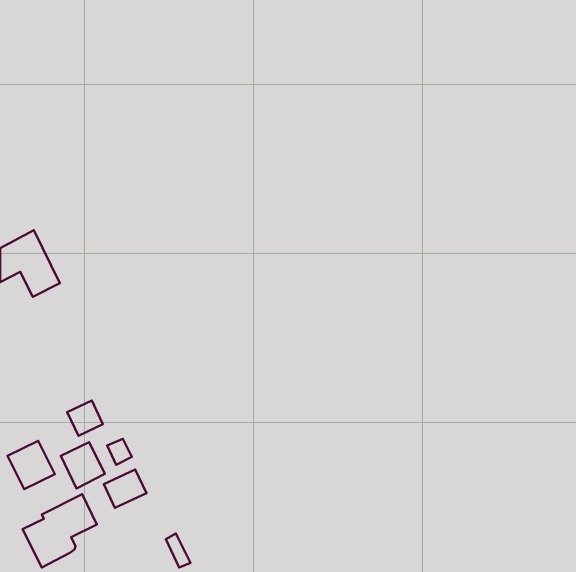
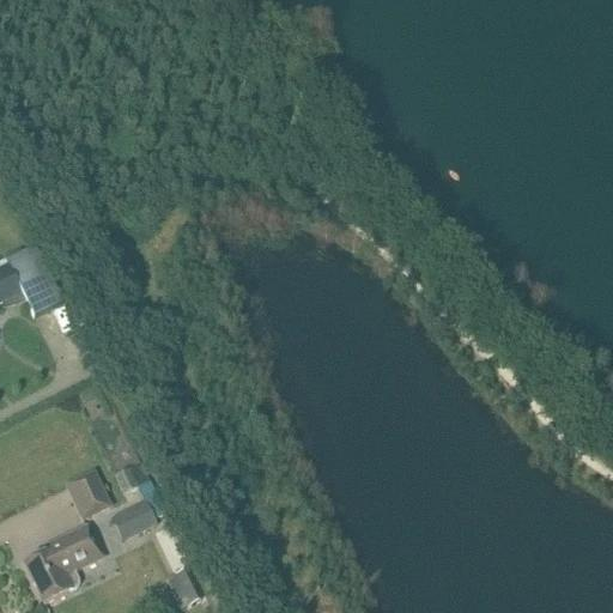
building: [67,400,103,436] -> none
building: [8,441,55,489] -> none

